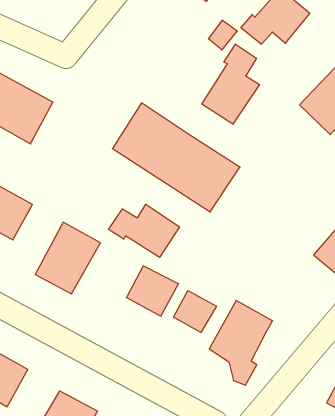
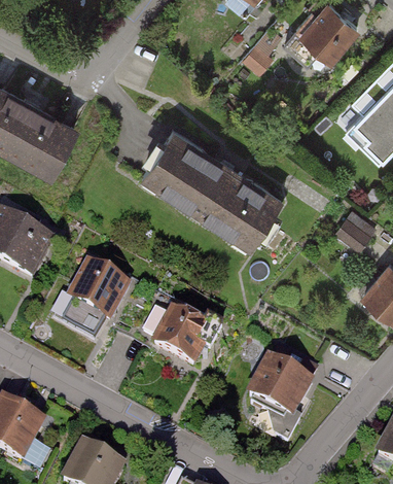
building: [202,44,260,124] -> none
building: none -> [335,212,376,251]
building: [109,204,179,257] -> none
building: [173,291,216,332] -> none

